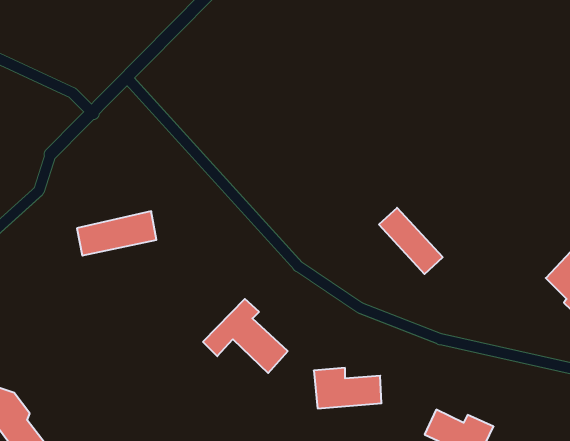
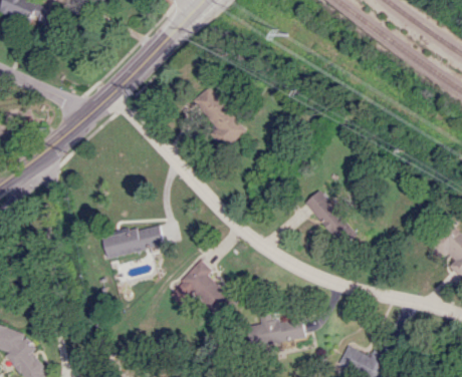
building: none -> [191,86,244,145]
building: [77,211,156,256] -> [101,224,163,258]

